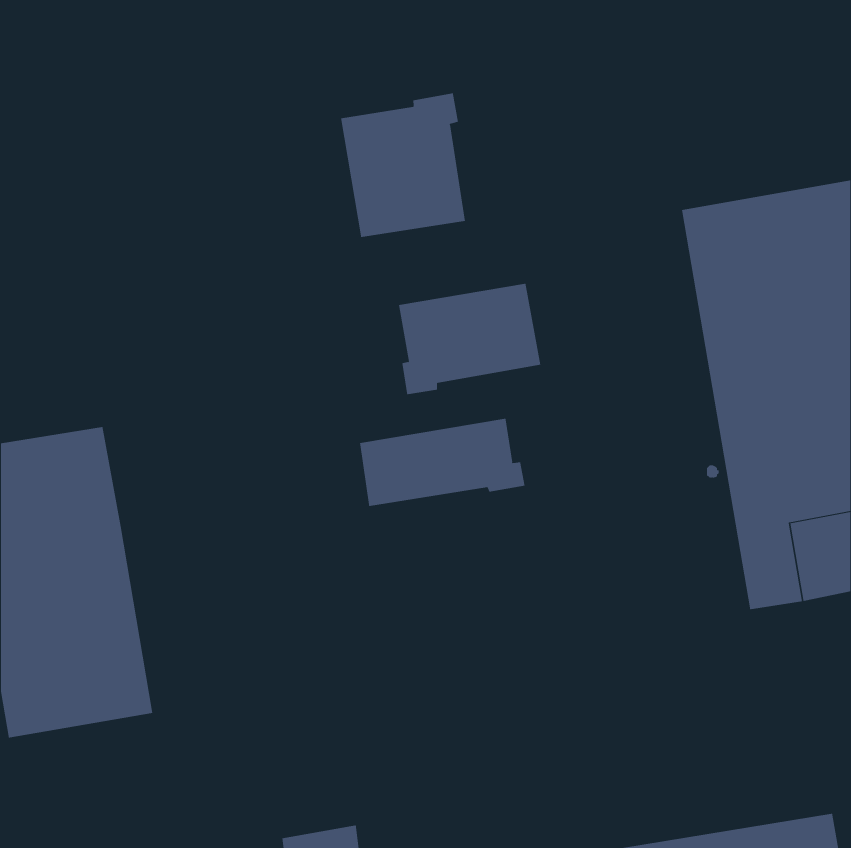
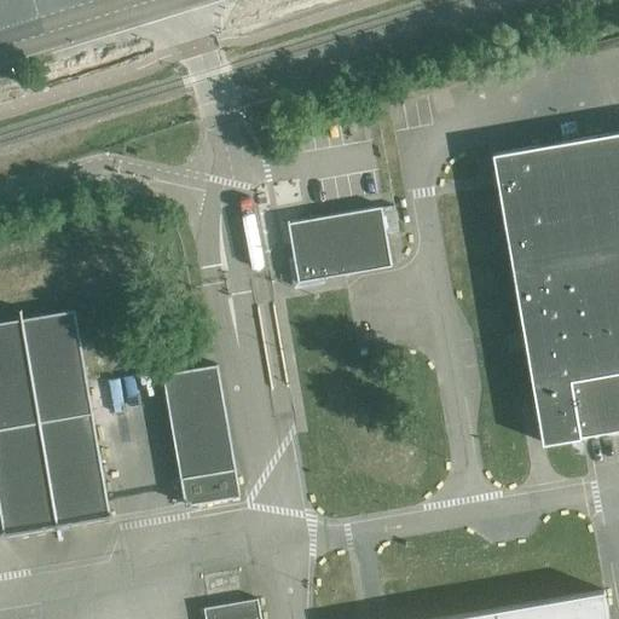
building: [341,93,466,238] -> none
building: [359,418,525,507] -> none
building: none -> [164,366,241,507]

